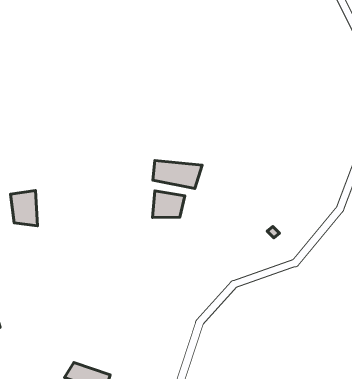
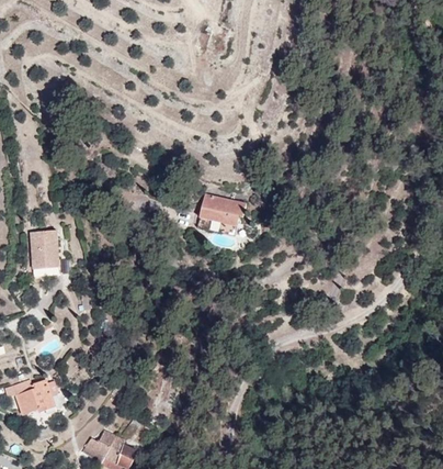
building: [152,191,185,217] -> none
building: none -> [18,381,60,420]

